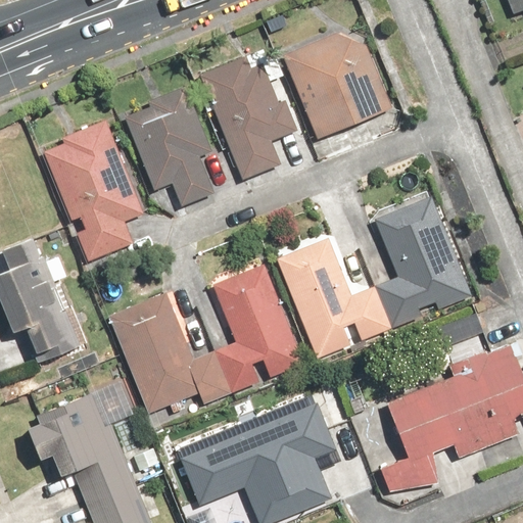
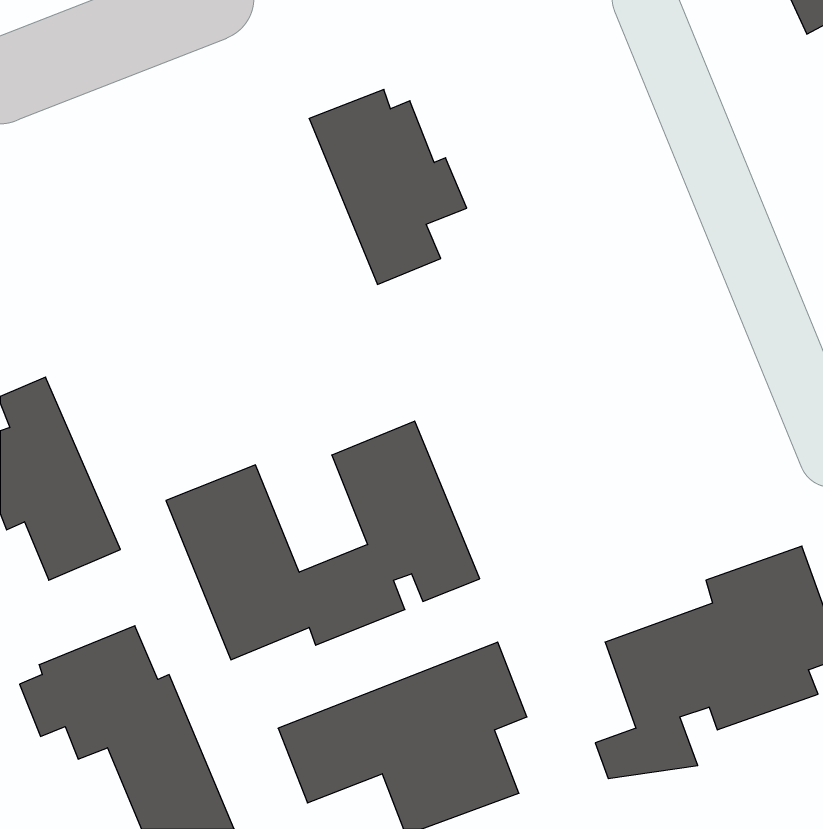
building: [283,33,392,138] -> none
building: [124,86,217,209] -> none
building: [44,121,145,262] -> none
building: [276,194,473,359] -> none

